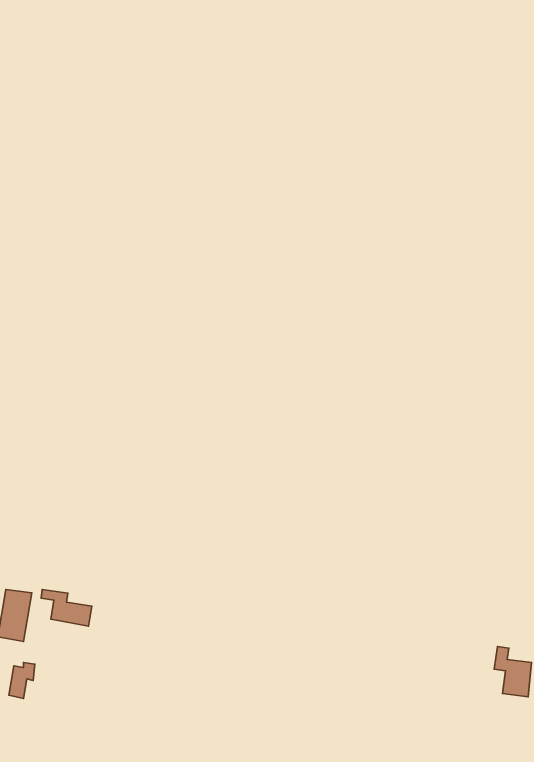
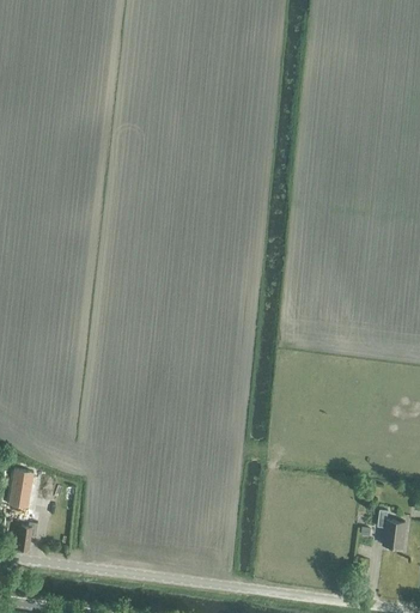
building: [41,589,92,626] -> none

